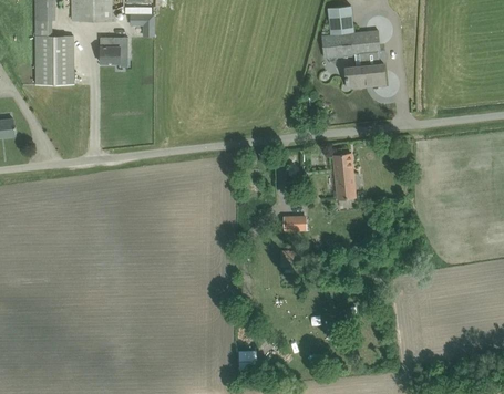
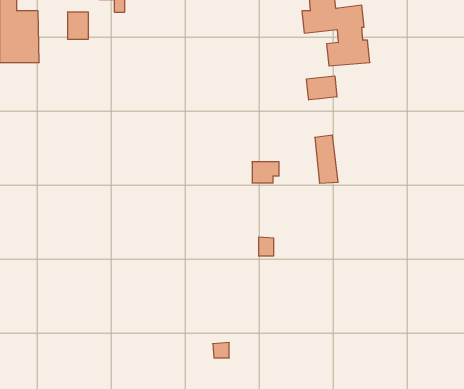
building: none -> [307,76,337,100]
building: [282,217,308,237] -> [252,162,279,183]

